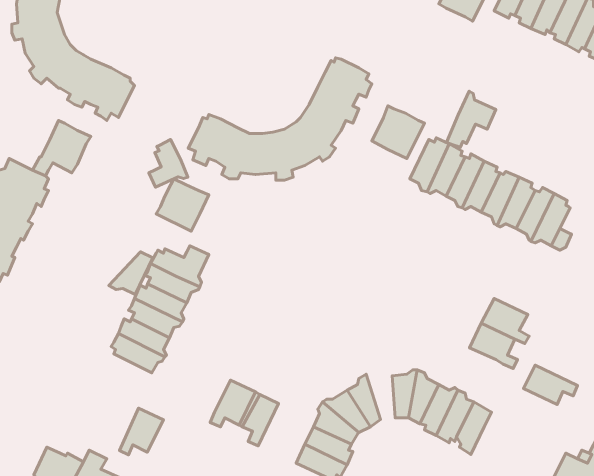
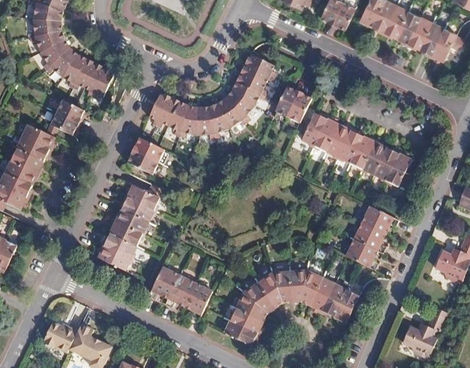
building: [446,91,496,148] -> none
building: [149,139,188,187] -> none
building: [109,252,153,294] -> none
building: [524,365,577,405] -> [360,204,397,231]
building: none -> [272,272,292,303]
building: [120,408,163,455] -> [149,268,179,300]

